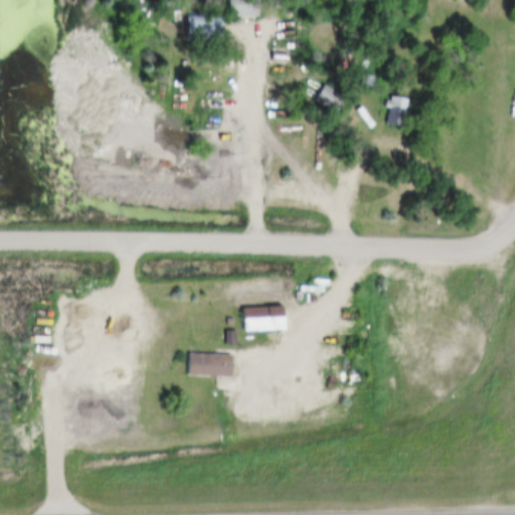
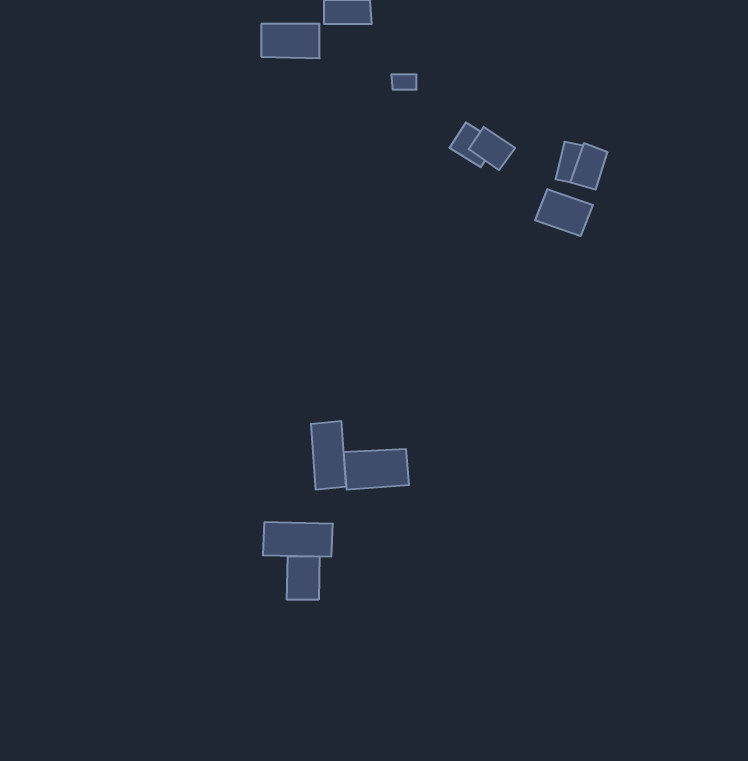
building: none -> [535,189,593,236]
building: none -> [311,421,346,490]
building: none -> [287,556,320,600]

